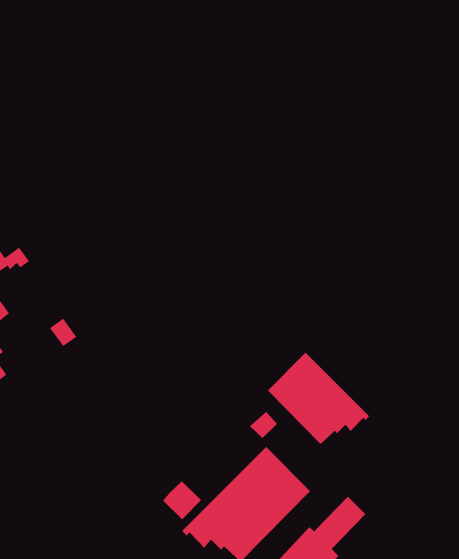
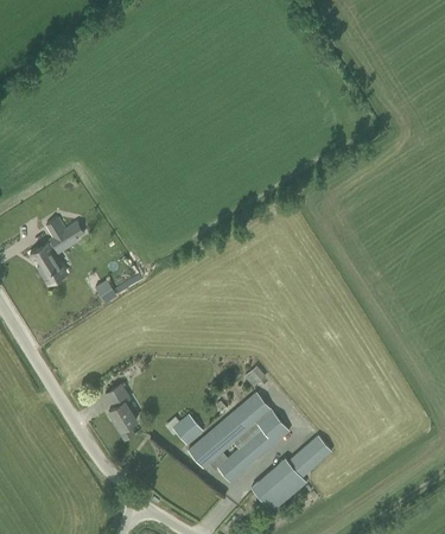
building: [267,352,370,445] -> none
building: none -> [107,383,136,439]

